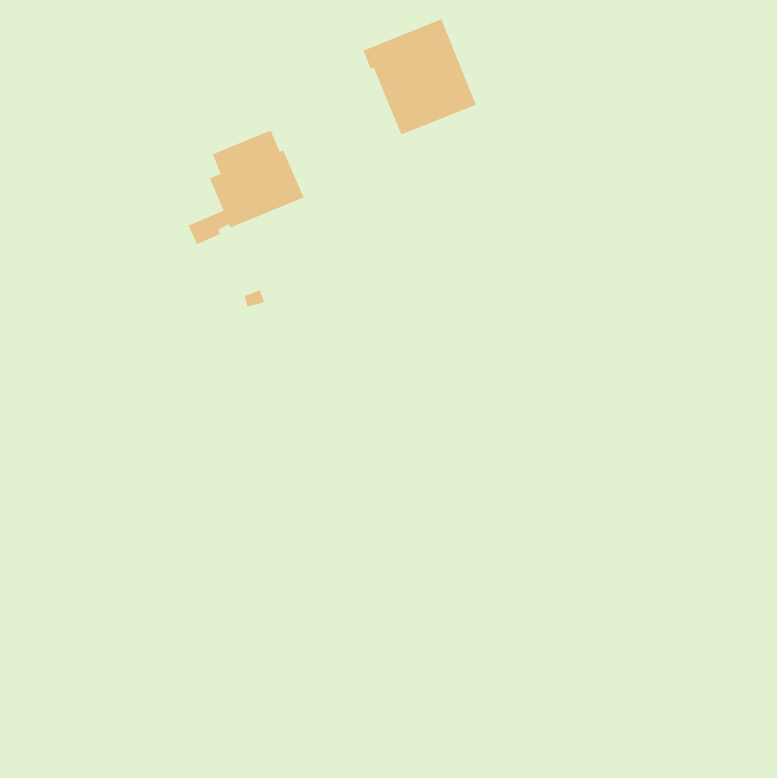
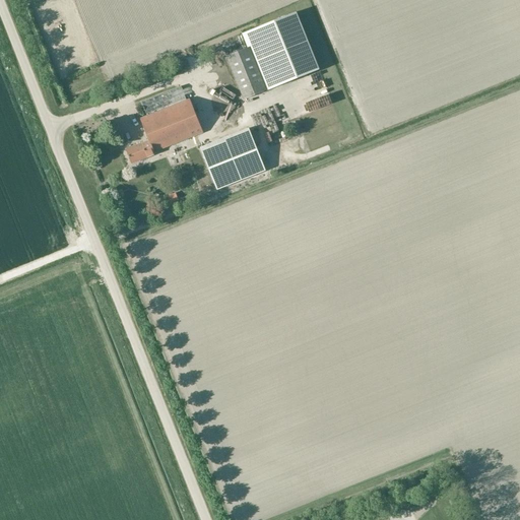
building: none -> [225,47,265,100]
building: none -> [201,127,266,189]

